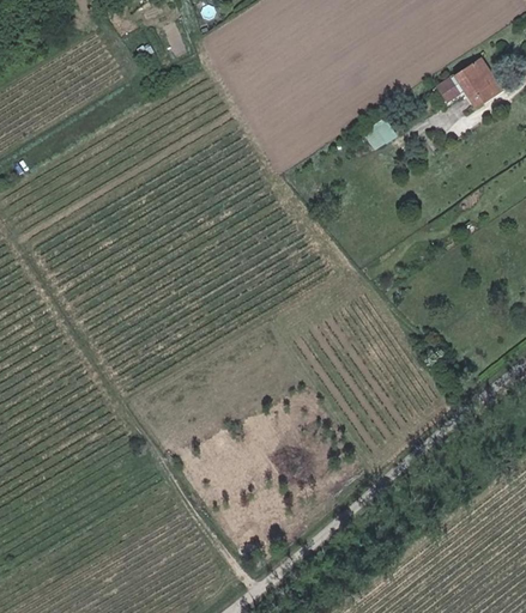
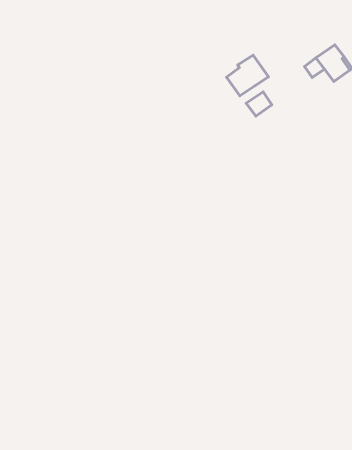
building: none -> [227,55,269,96]

